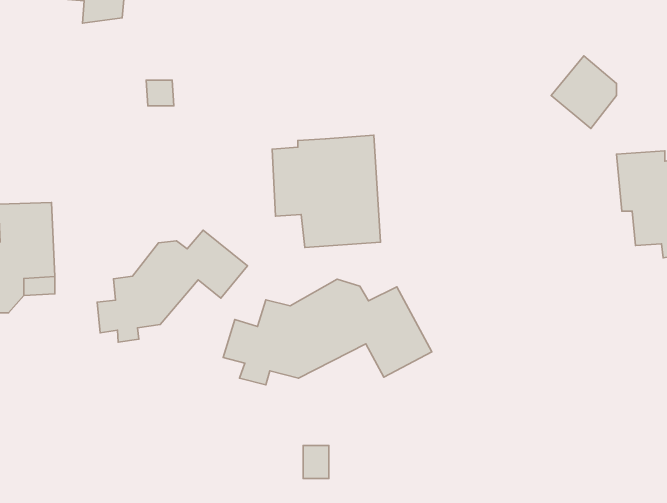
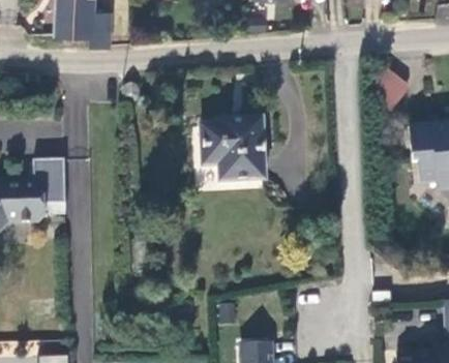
building: [97,230,247,342] -> none
building: [223,279,432,385] -> none

